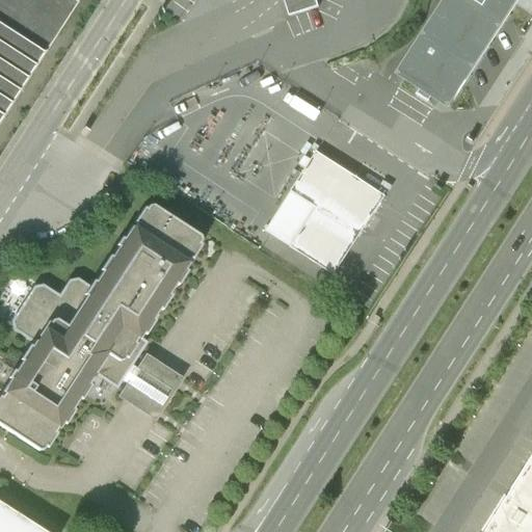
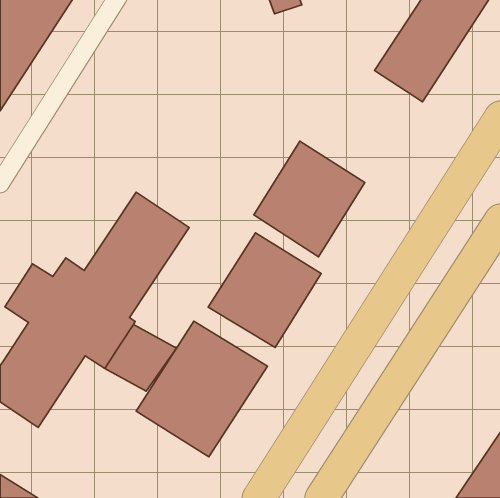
building: none -> [208,233,321,347]
building: none -> [136,321,268,457]

